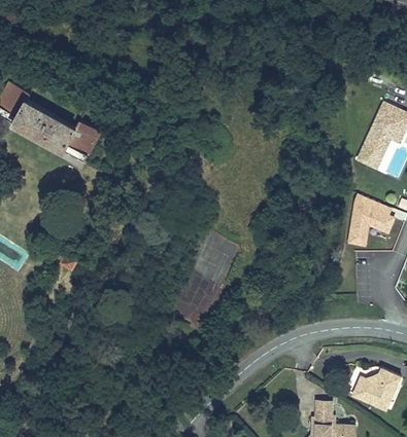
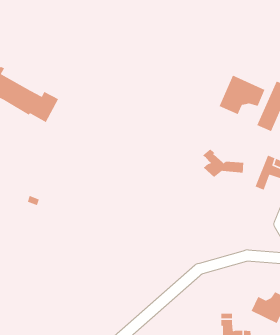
building: none -> [219,75,266,115]
building: none -> [202,149,244,178]

